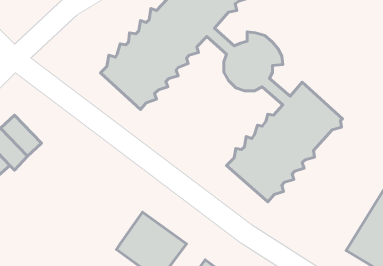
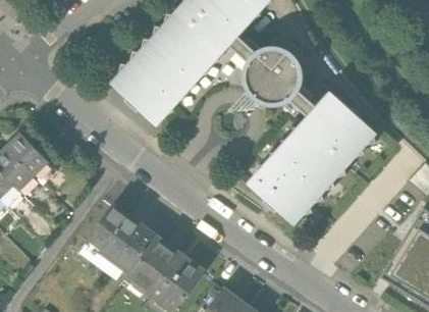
building: none -> [88,204,157,270]

